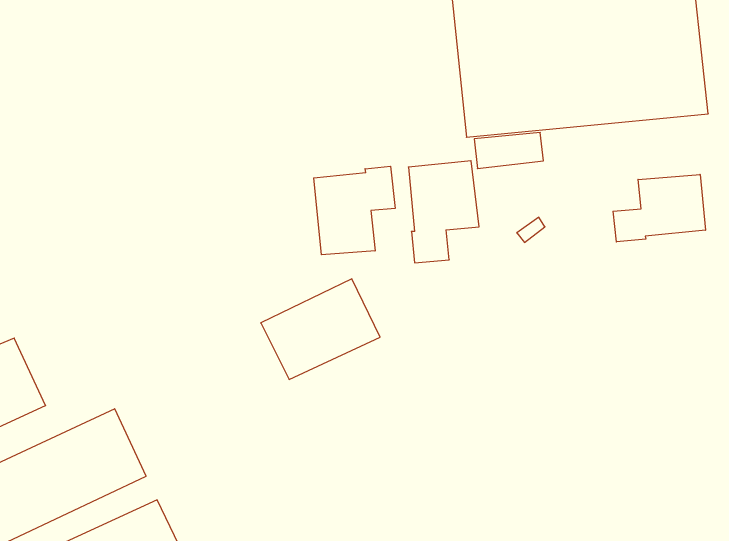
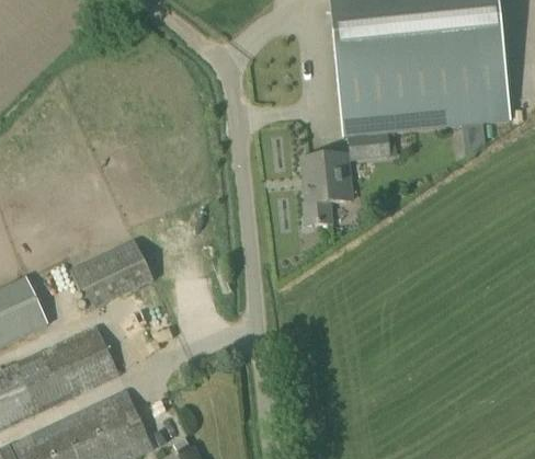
building: [314,166,395,255] -> none
building: [613,174,705,242] -> none
building: [261,279,380,379] -> [70,239,153,309]

